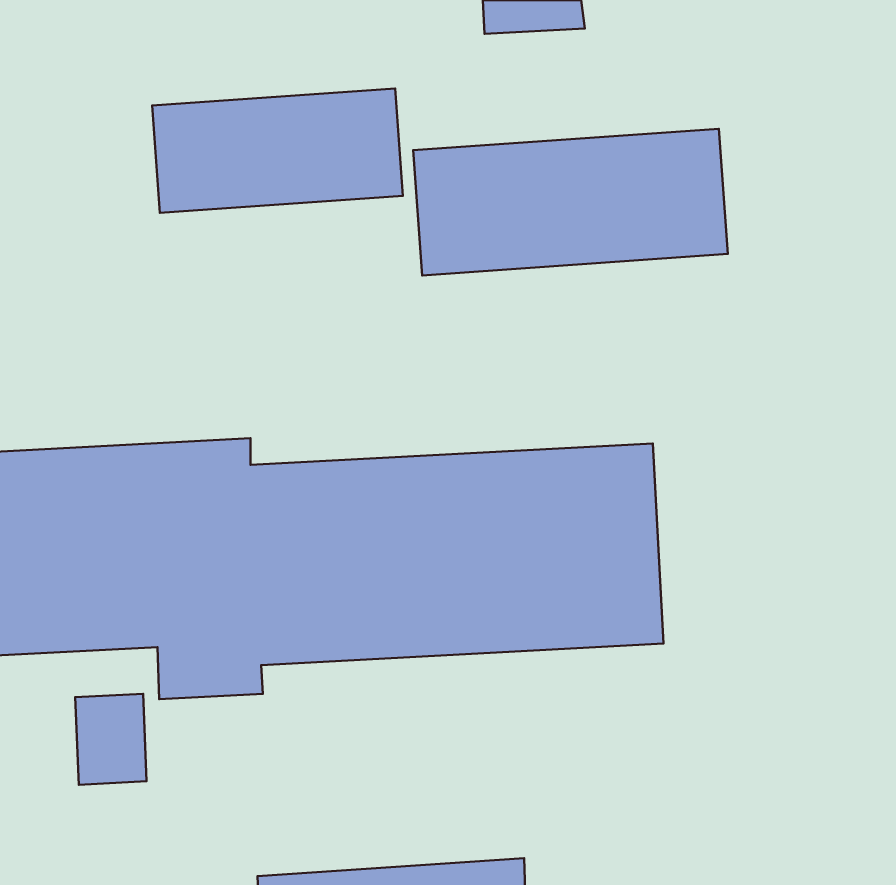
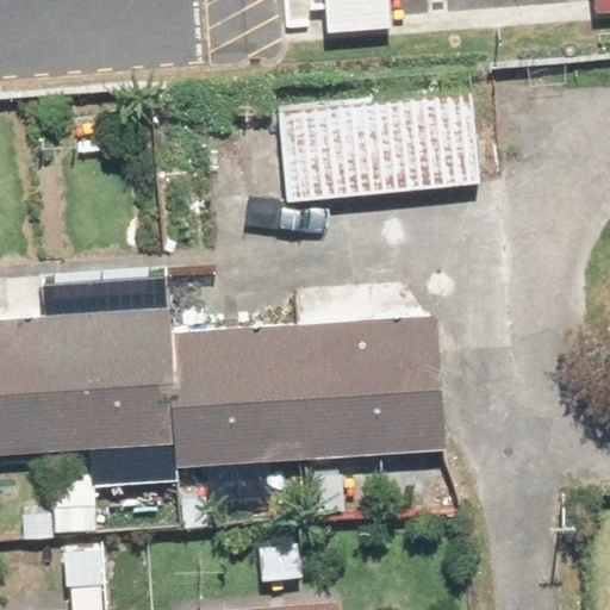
building: [152,88,403,213] -> none

